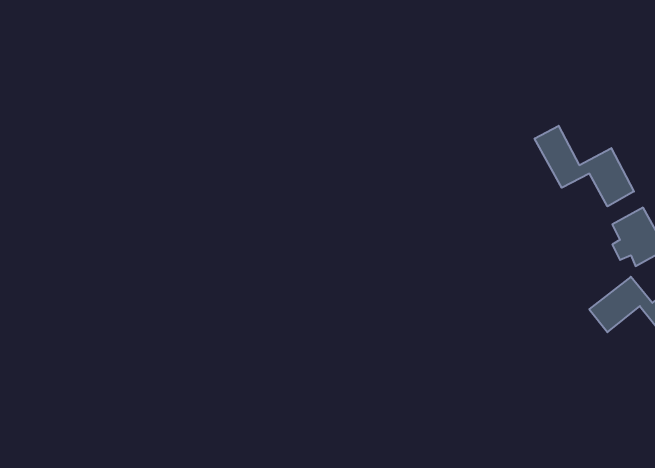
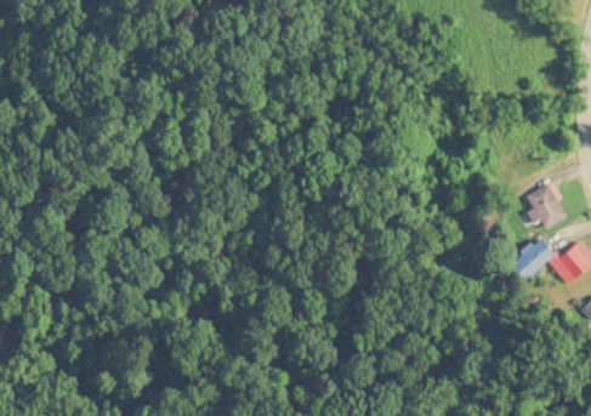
building: [535,126,634,206] -> none

